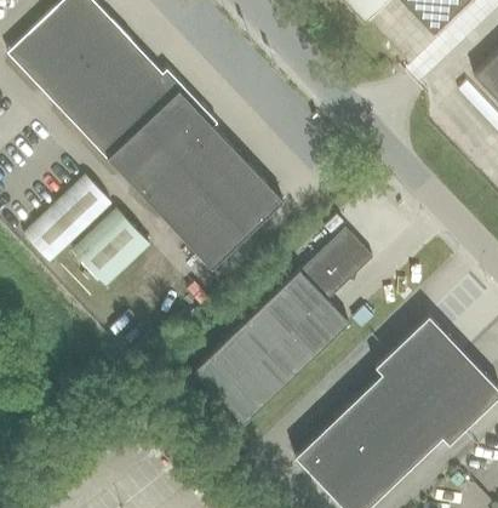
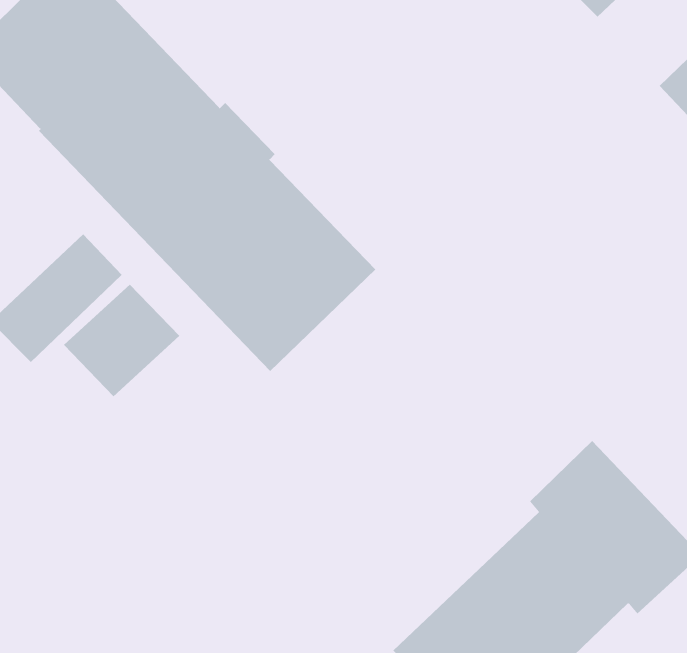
building: [196,228,374,424] -> none

